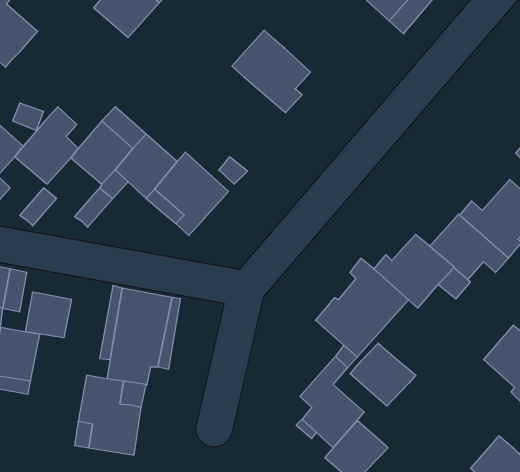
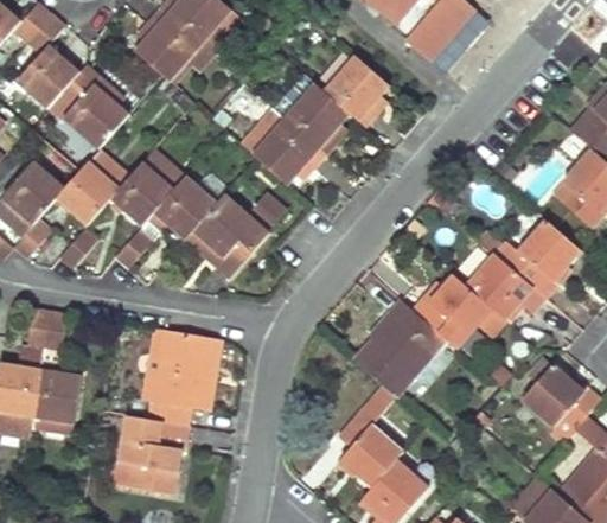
building: none -> [324,53,390,126]
building: none -> [60,63,129,147]
building: none -> [241,107,325,184]
building: [26,292,71,338] -> none
building: [350,343,416,406] -> none

